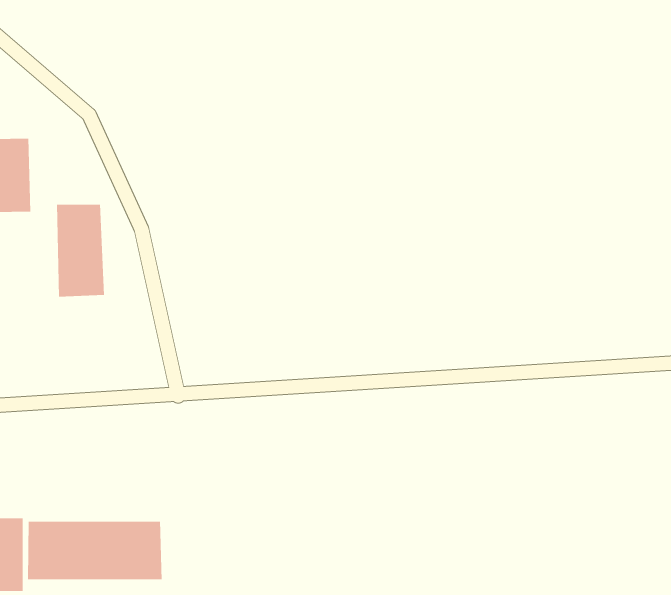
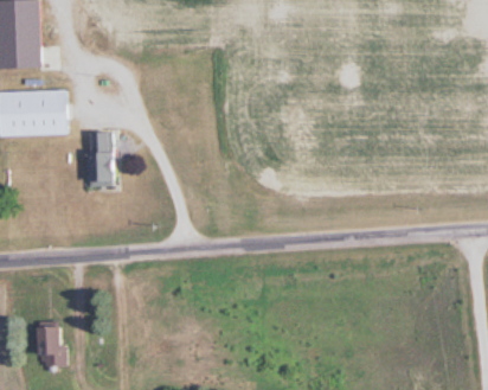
building: [27,521,162,580] -> none

